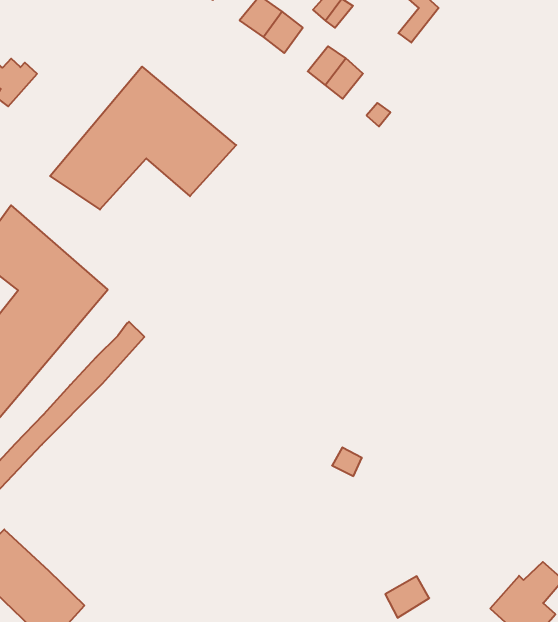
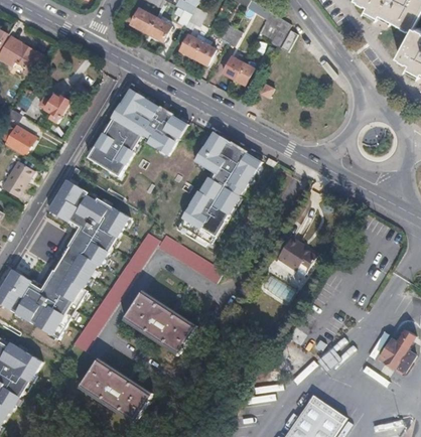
building: none -> [181,123,262,242]
building: none -> [157,234,225,281]
building: none -> [277,237,319,271]
building: none -> [123,292,193,352]

